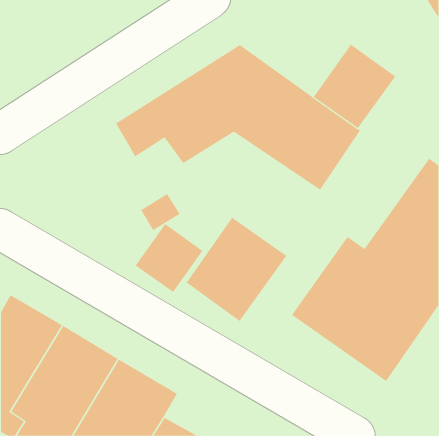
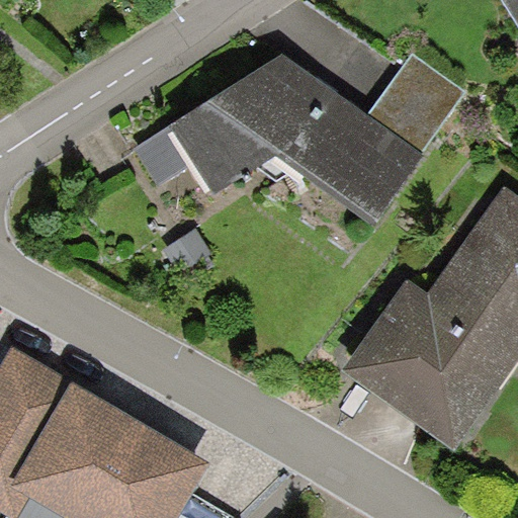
building: [186,217,287,322] -> none
building: [135,223,203,293] -> none

